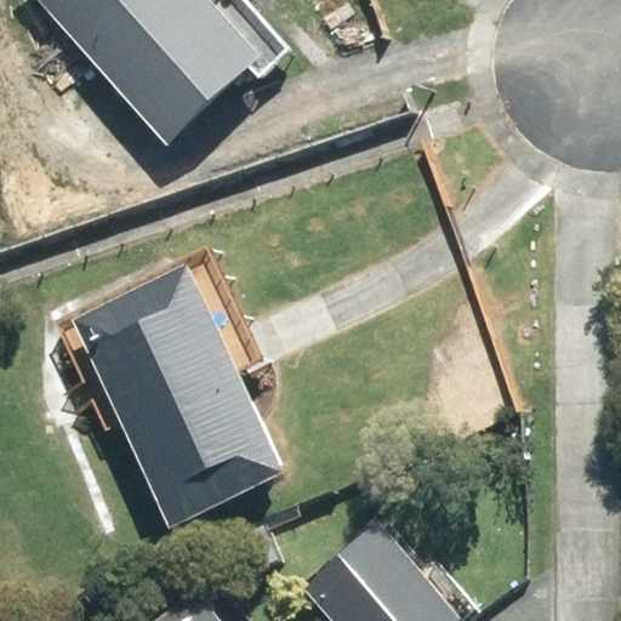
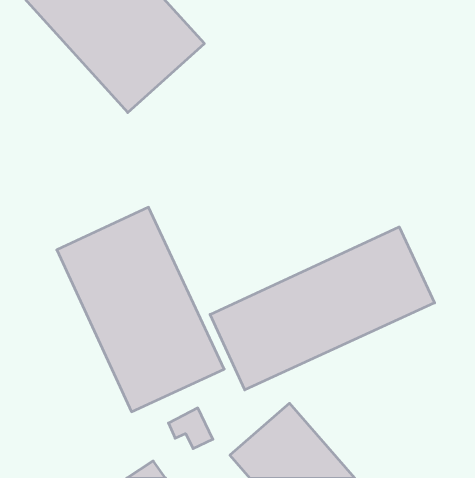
building: none -> [210,227,435,390]

